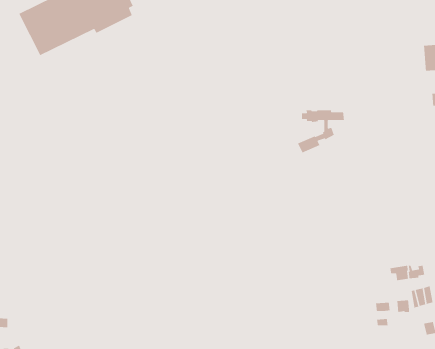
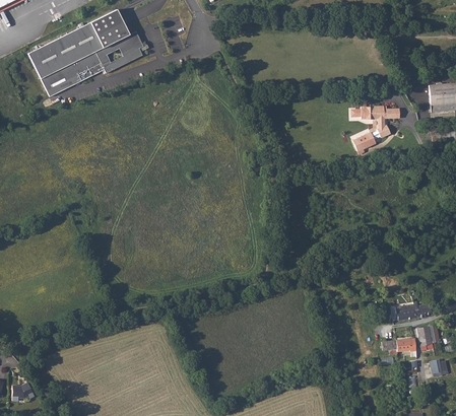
building: [297,110,345,154] -> [354,107,402,150]

